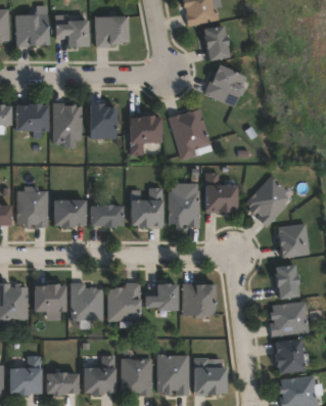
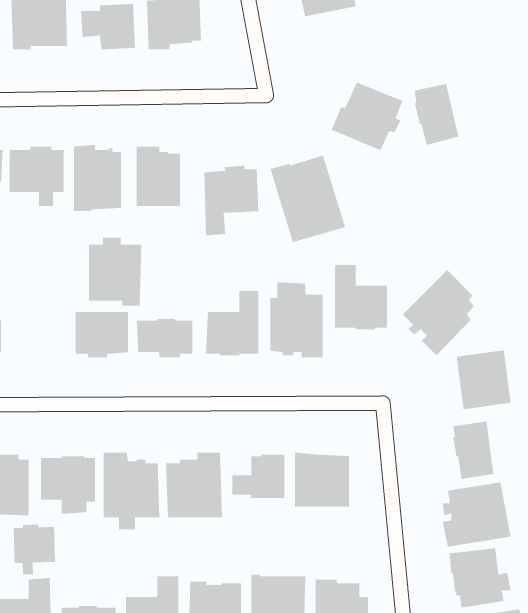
building: [203,24,230,60] -> [414,83,459,146]
building: [16,186,48,227] -> [88,237,142,307]
building: none -> [13,524,56,575]

